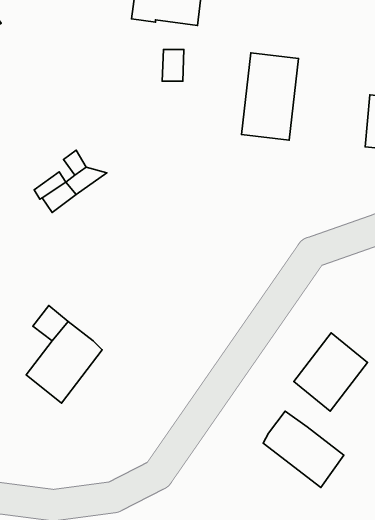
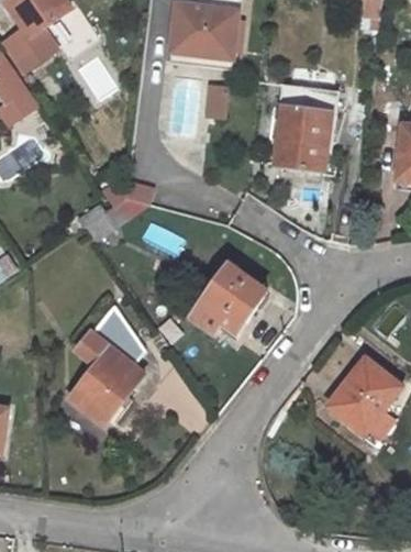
building: none -> [190,262,267,332]
building: none -> [91,305,146,365]
building: [263,411,344,487] -> none

